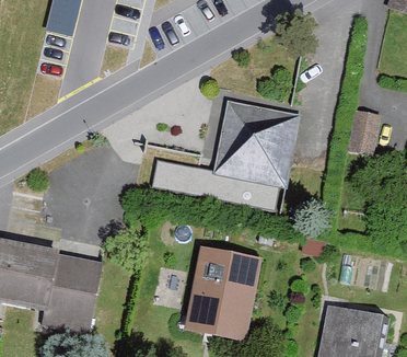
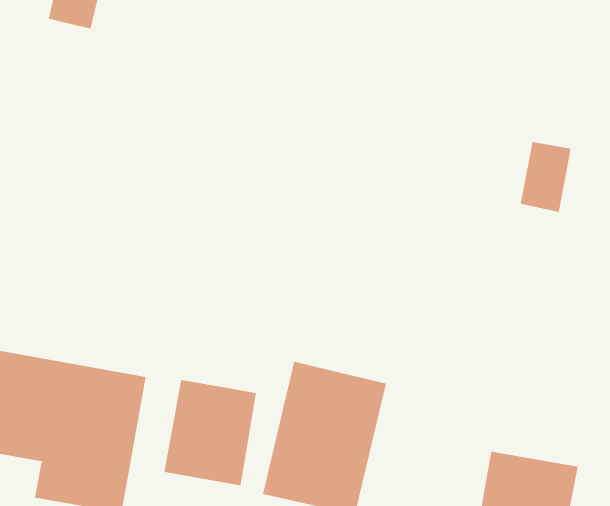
building: [155,101,298,212] -> none
building: none -> [164,379,256,486]

